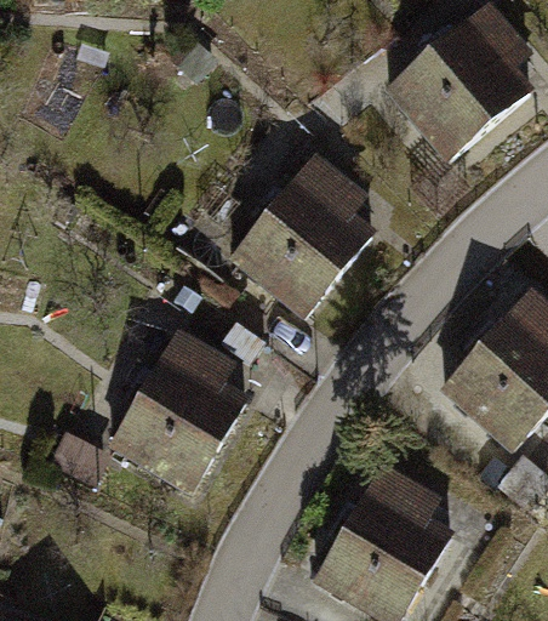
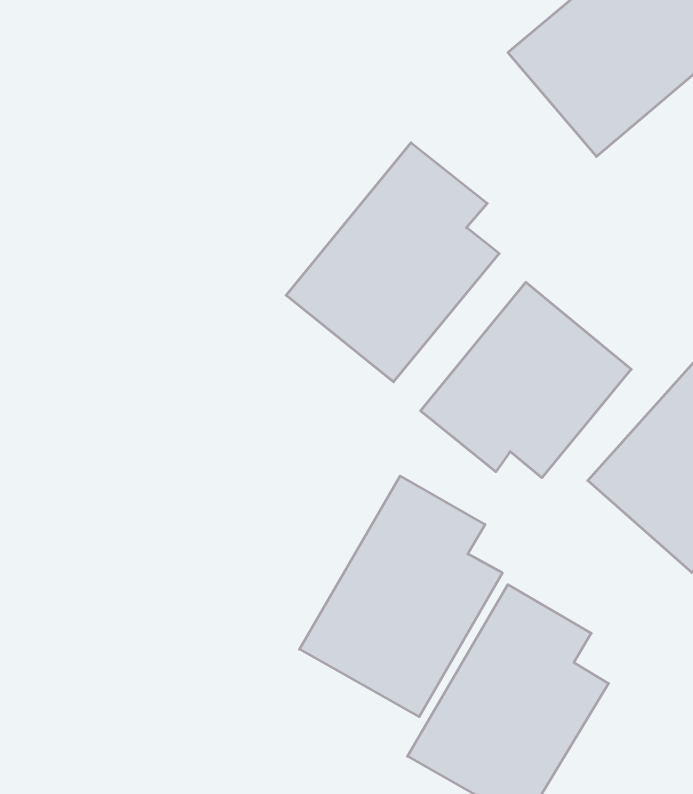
building: none -> [421,282,631,478]
building: [105,326,247,495] -> [299,476,502,717]

